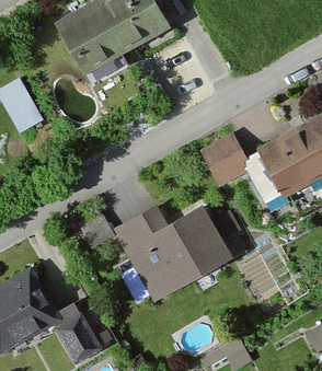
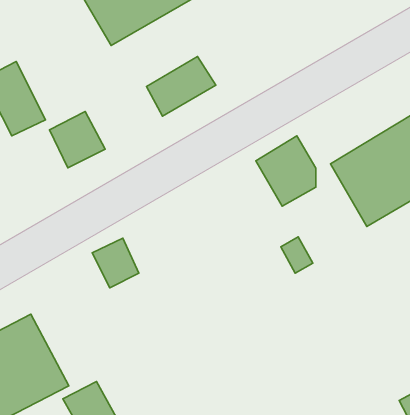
building: none -> [146,57,216,116]
building: none -> [49,111,105,168]
building: [116,205,231,298] -> none

